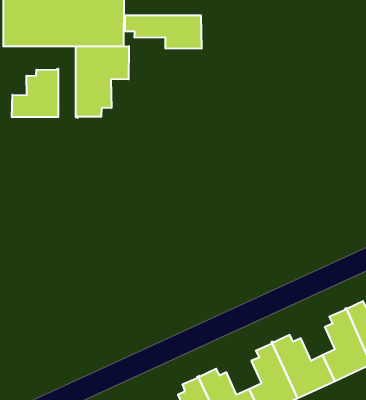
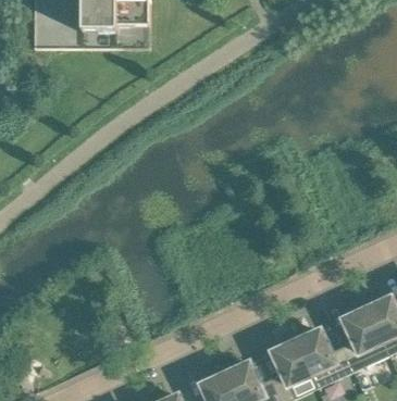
building: [124,15,202,49] -> none
building: [76,46,129,118] -> none
building: [12,69,58,117] -> none

